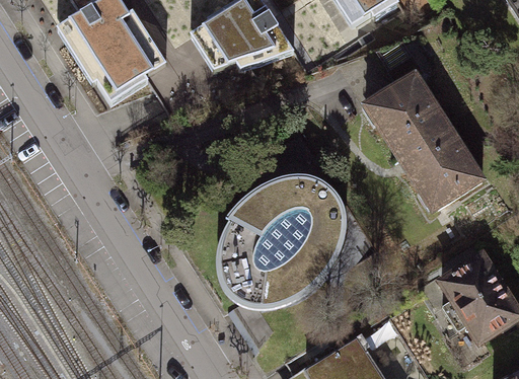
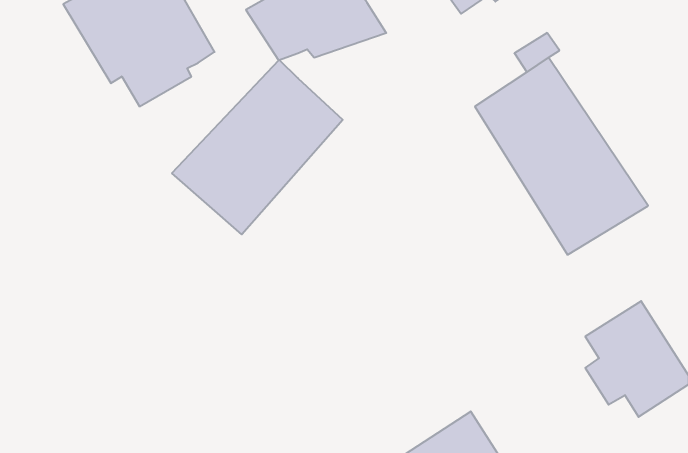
building: none -> [172,60,343,234]
building: [215,177,346,311] -> none

